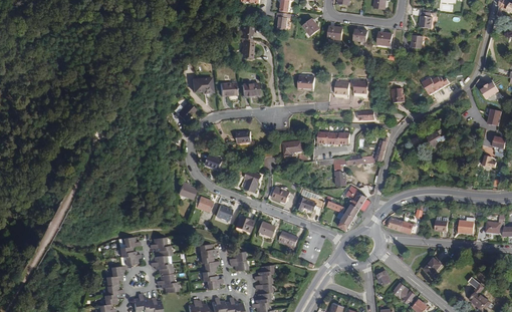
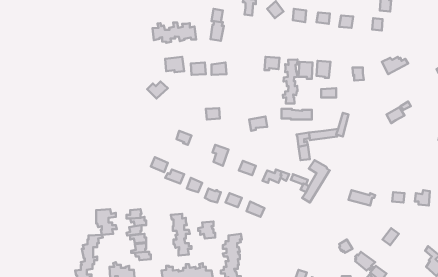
building: none -> [153,22,196,43]
building: none -> [283,60,298,104]

